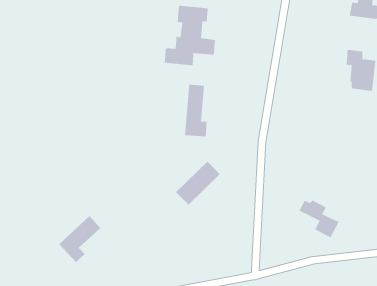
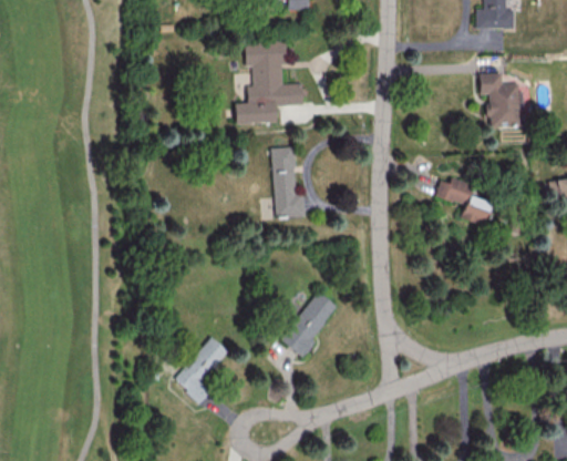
building: [175,161,221,205] -> [281,291,339,355]
building: [299,199,340,238] -> [435,177,492,226]
building: [59,215,101,263] -> [175,336,229,402]

